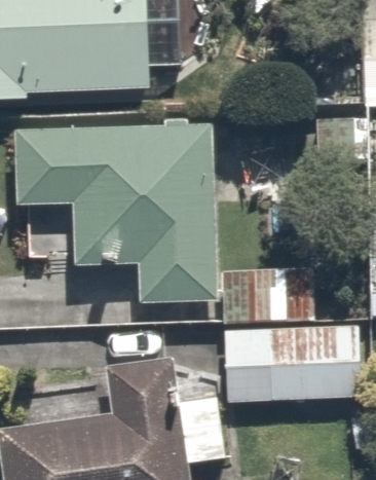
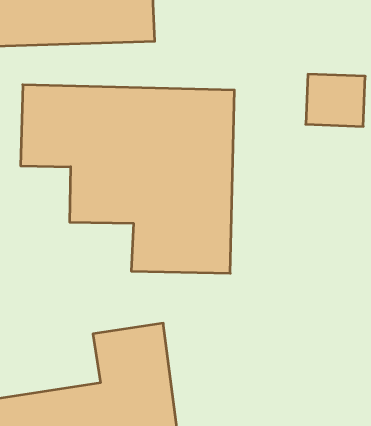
building: [223,325,361,403] -> none

